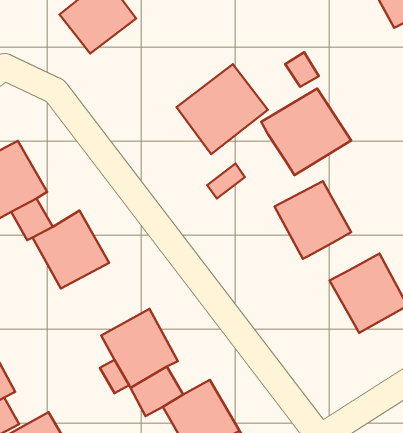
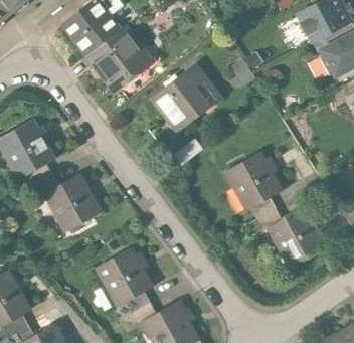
building: none -> [86,28,146,92]
building: [261,89,351,175] -> none
building: none -> [245,198,281,235]

